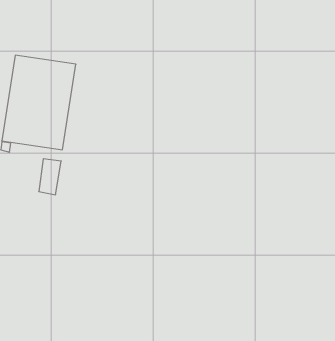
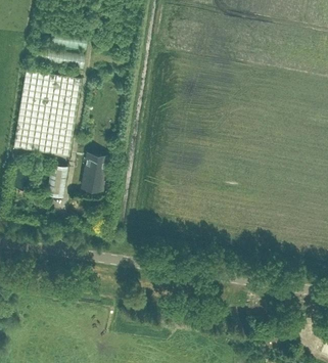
building: none -> [82,157,105,189]

